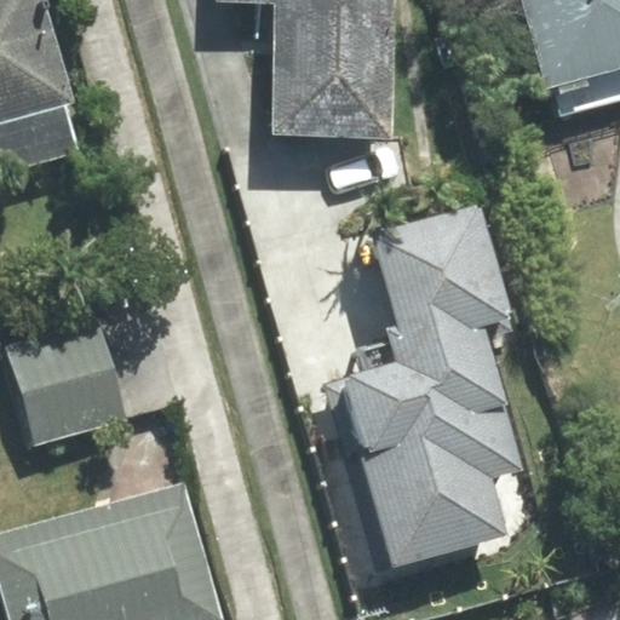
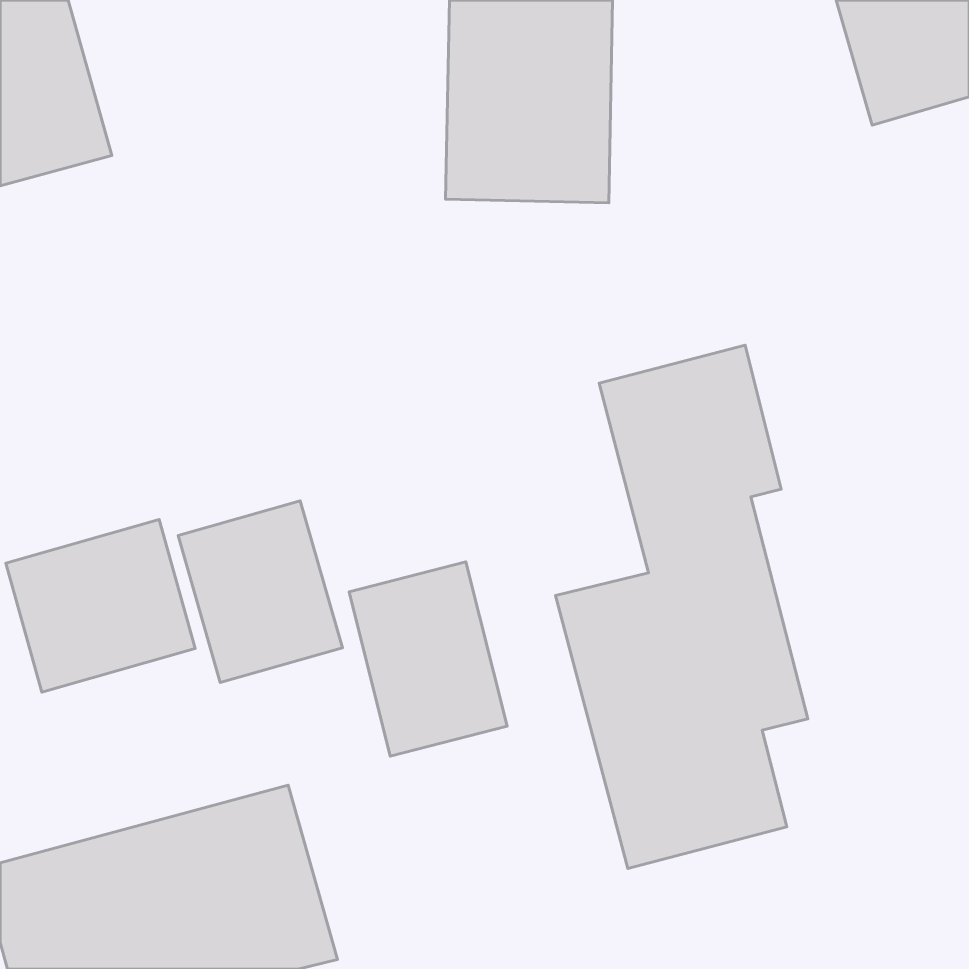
building: none -> [178,501,342,682]
building: none -> [349,562,507,756]

